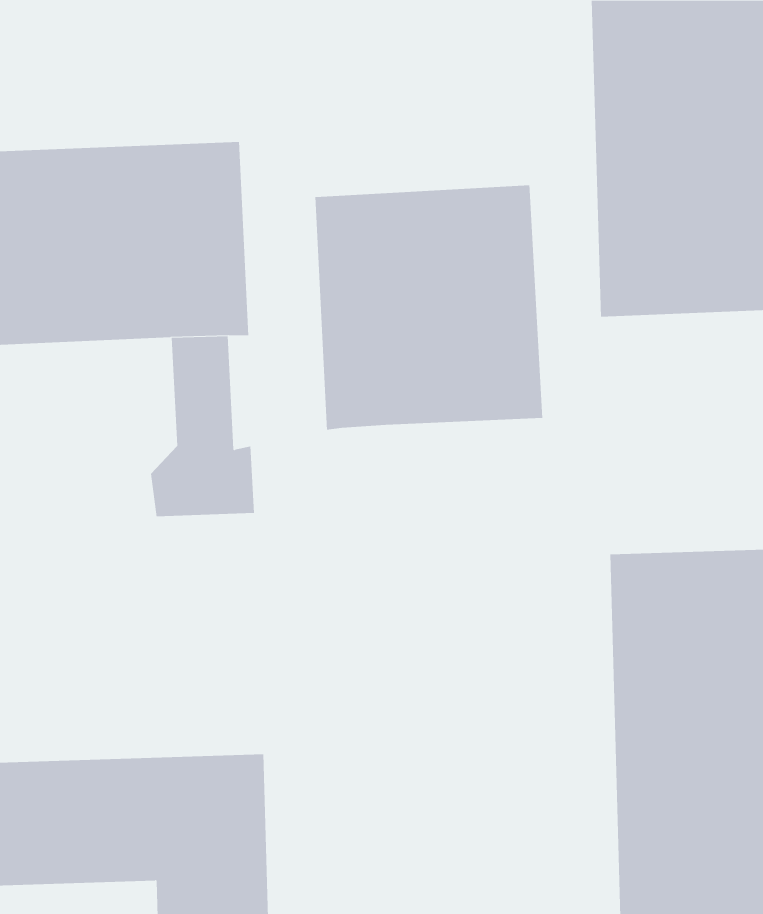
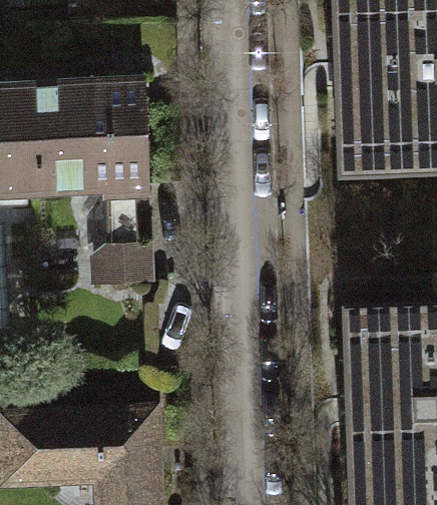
building: [315,185,543,430] -> none

